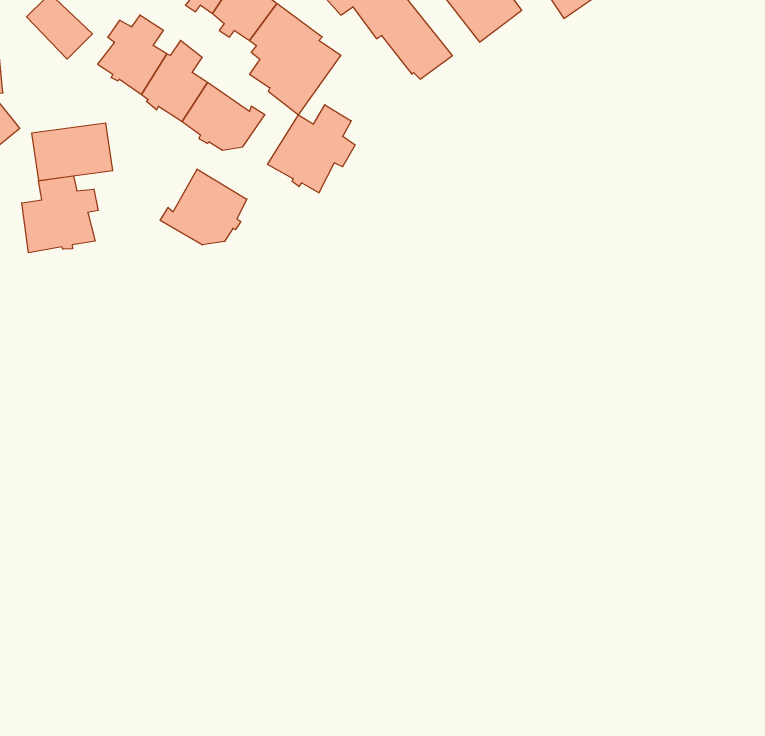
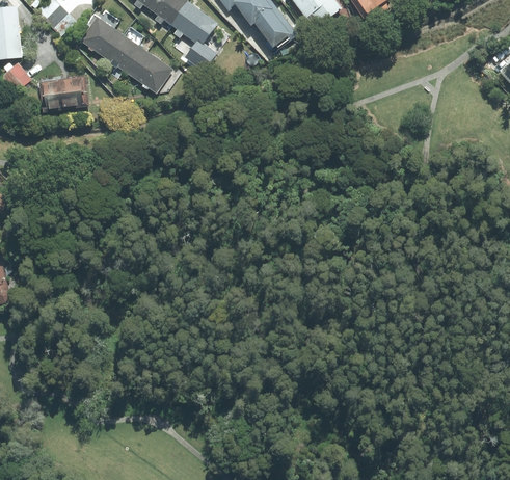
building: [267,105,355,193] -> none
building: [160,169,247,245] -> none
building: [22,176,98,253] -> none

